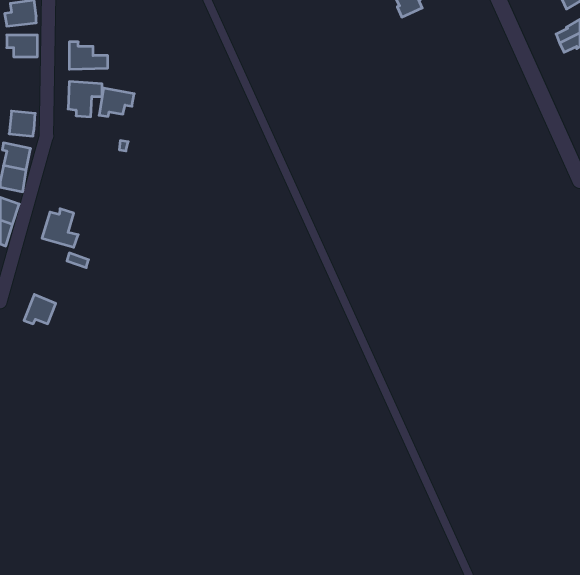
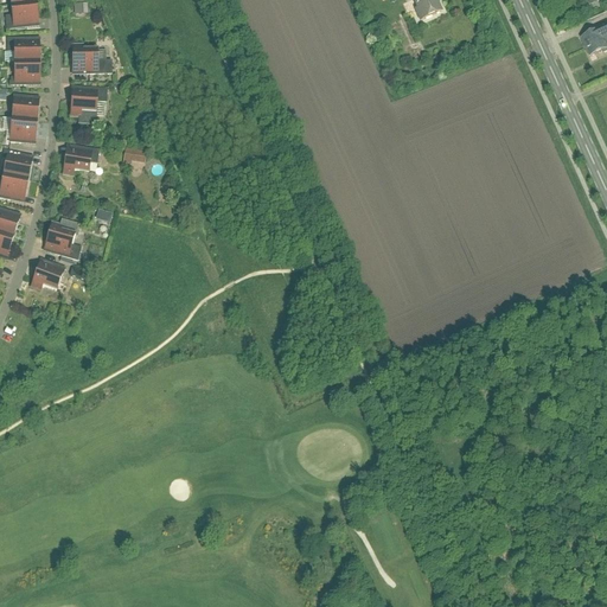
building: none -> [11,59,39,83]
building: [99,88,134,116] -> [63,143,100,173]
building: none -> [12,94,39,119]
building: [24,294,56,324] -> [31,257,64,288]

